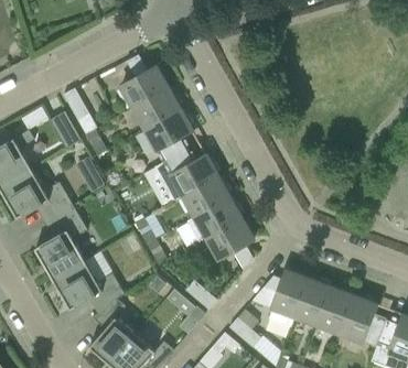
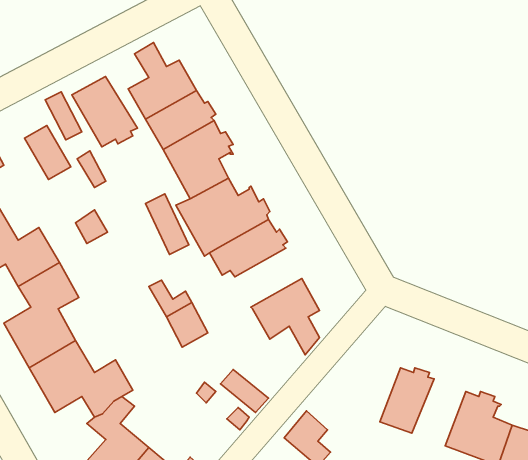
building: none -> [72,76,137,147]
building: [186,196,243,242] -> none
building: [251,270,309,327] -> none
building: [316,286,354,333] -> none

